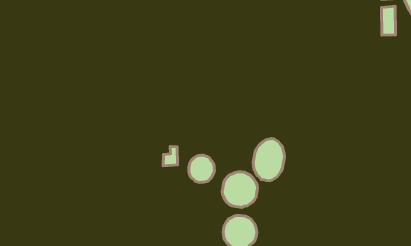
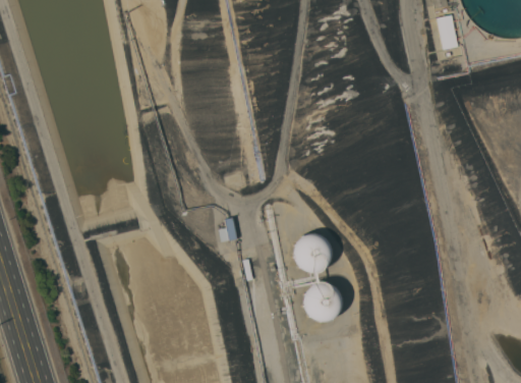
building: [253,139,284,181] -> none
building: [189,155,214,182] -> none

